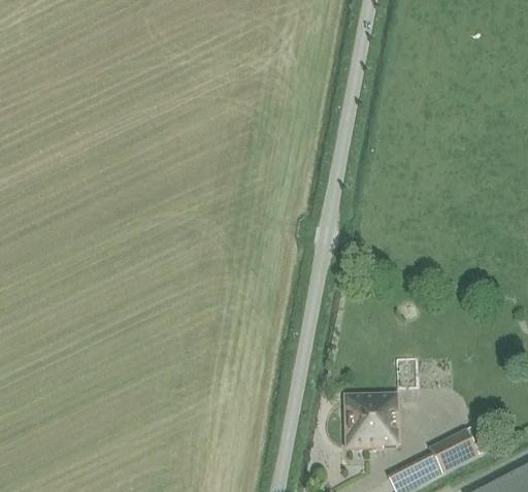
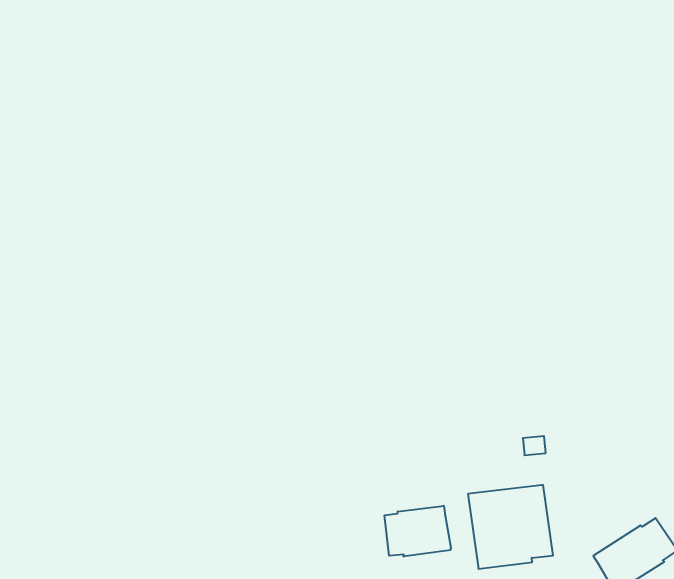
building: none -> [385,506,451,557]

